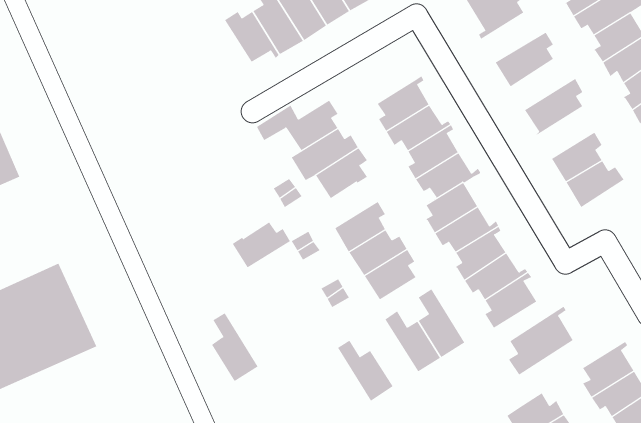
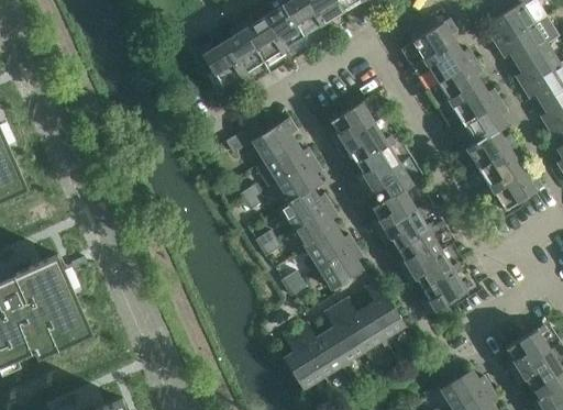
building: none -> [419,43,475,86]
building: none -> [444,82,500,126]
building: none -> [466,123,517,168]
building: [232,222,291,268] -> [280,188,331,228]
building: [507,306,573,376] -> none
building: [211,313,259,382] -> [284,330,324,389]
building: none -> [324,306,365,363]

